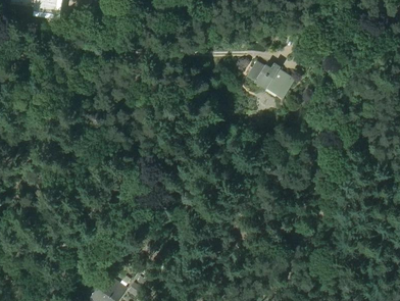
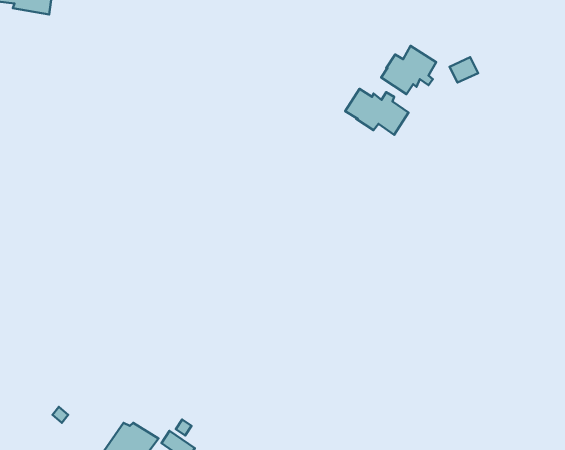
building: none -> [381,46,436,94]

